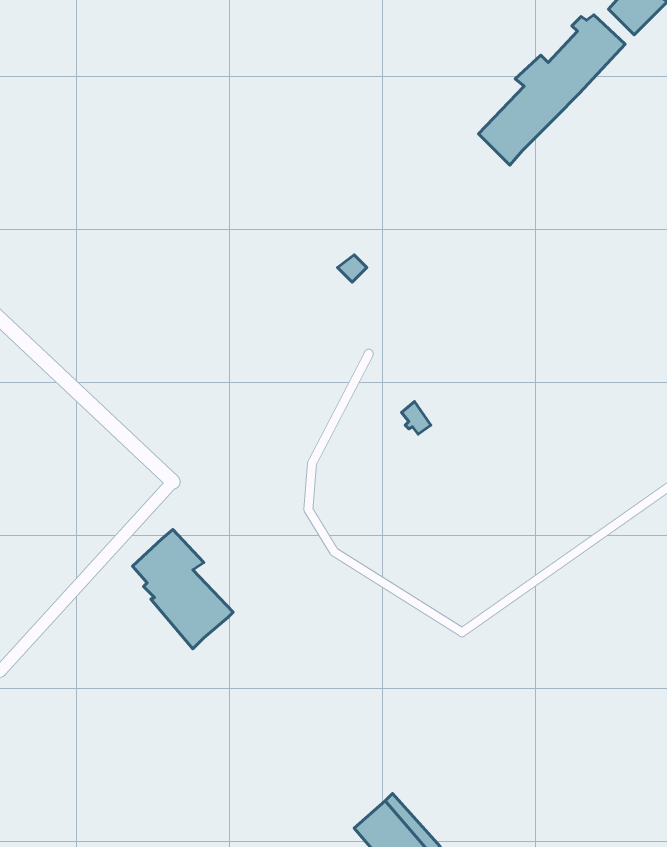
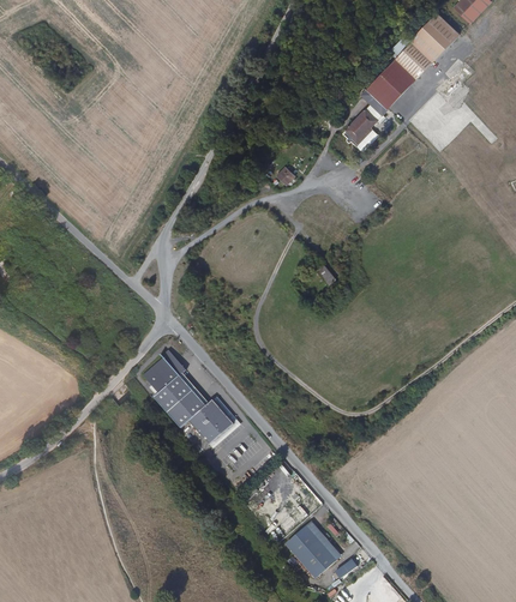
building: none -> [343,89,388,144]
building: none -> [187,399,230,441]

